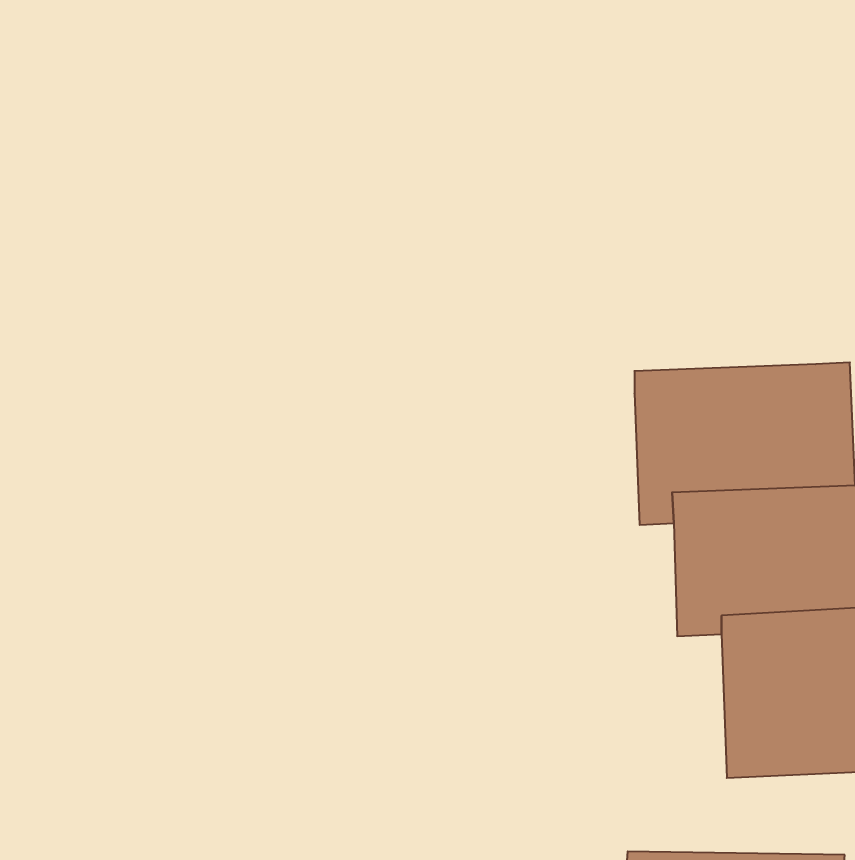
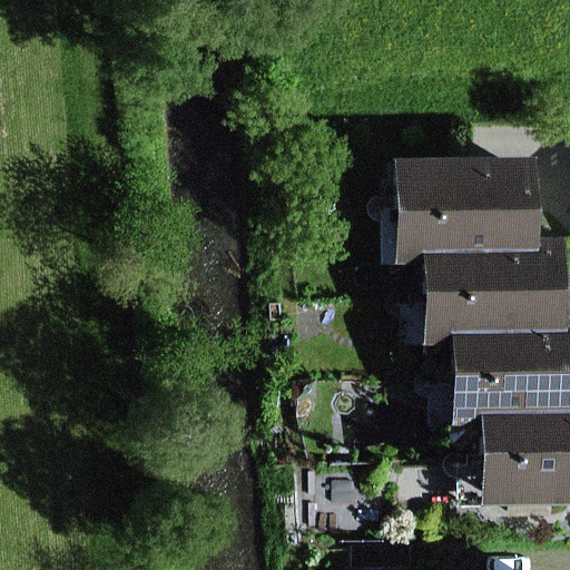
building: none -> [396,157,543,266]

